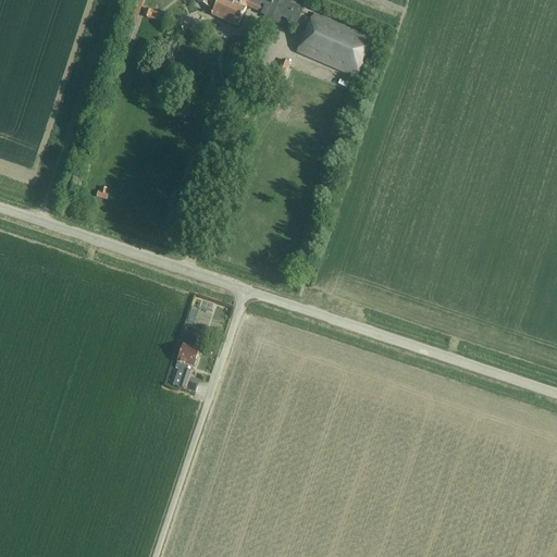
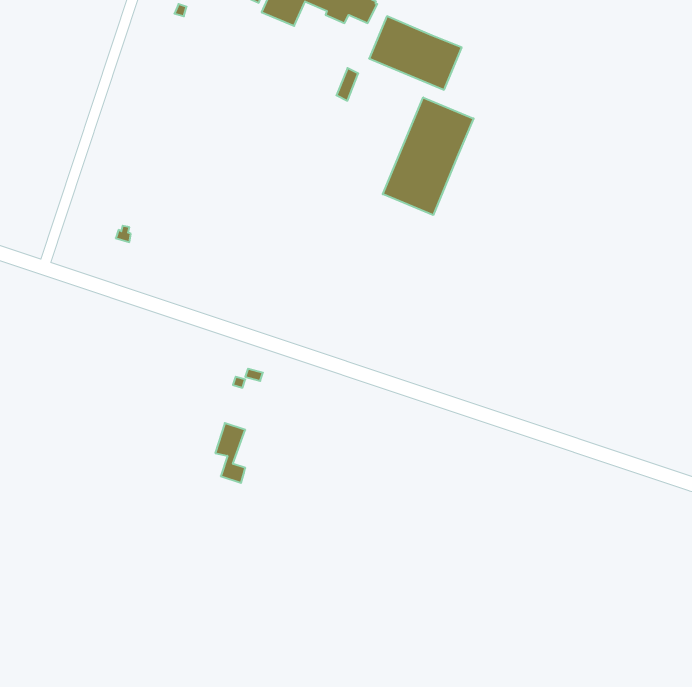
building: none -> [383,97,474,215]

